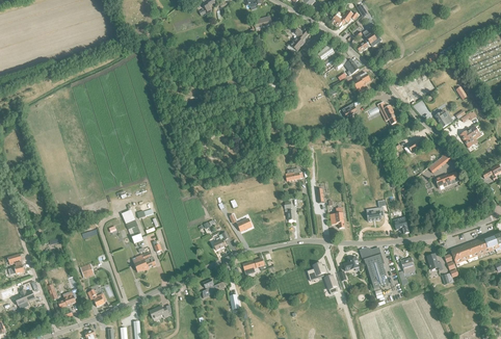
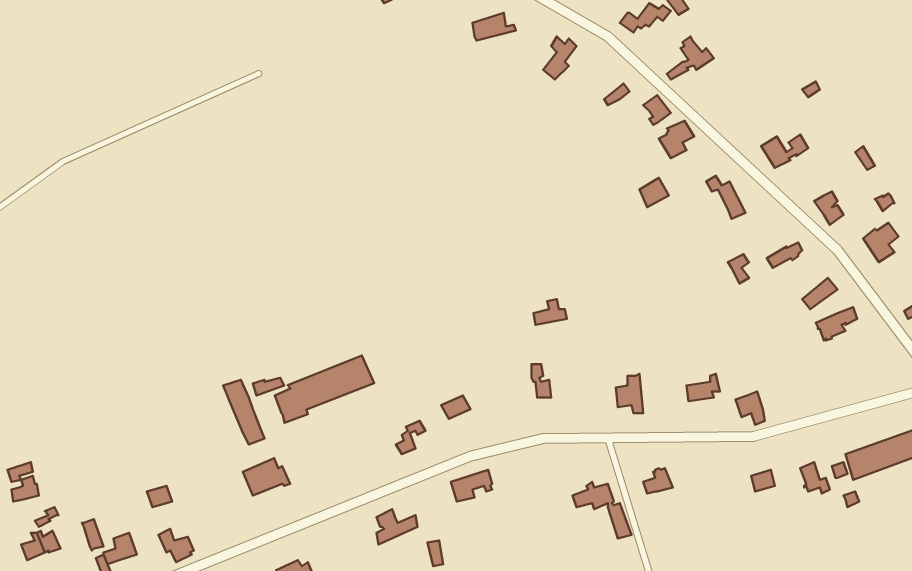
building: none -> [275,356,374,423]
building: [360,247,389,290] -> none

